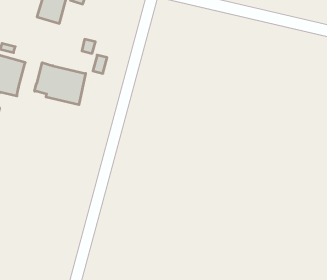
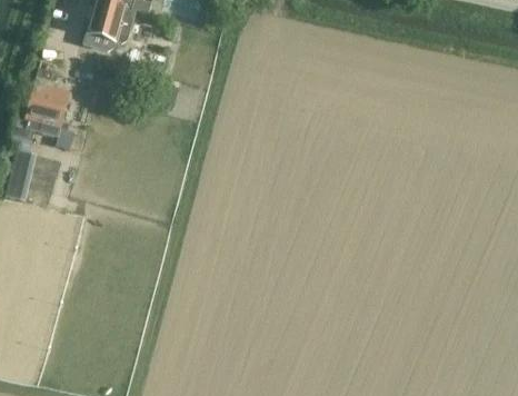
building: [35,63,86,105] -> none

